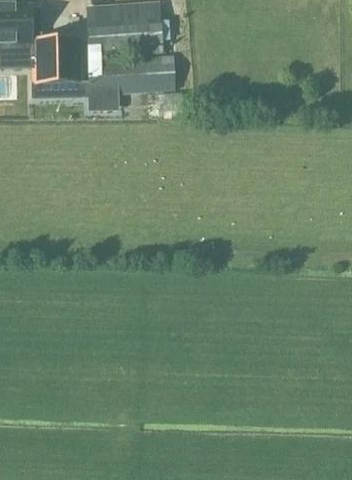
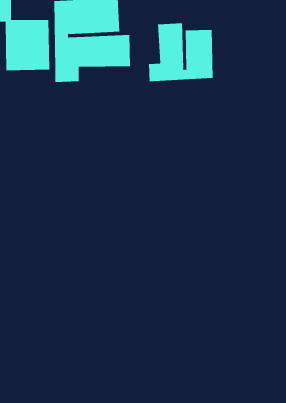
building: none -> [149,23,213,82]

